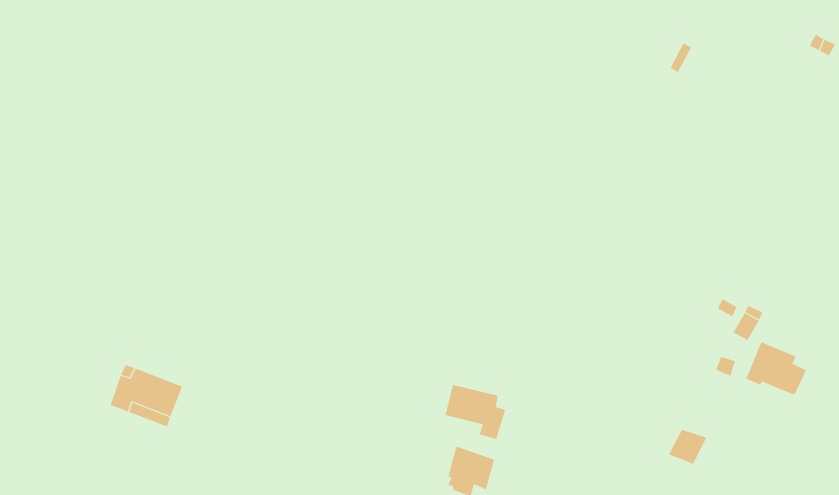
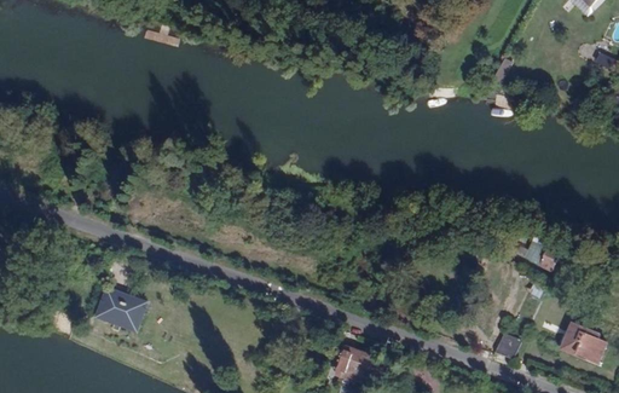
building: [746,341,807,396] -> [561,322,604,360]
building: [445,384,506,440] -> none

